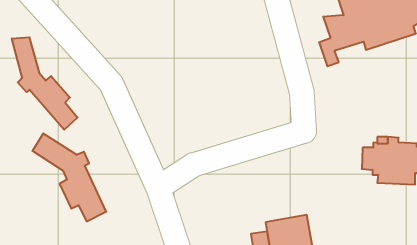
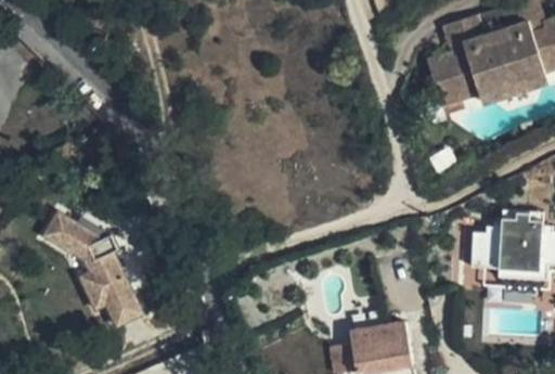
building: [12,37,78,130] -> none

